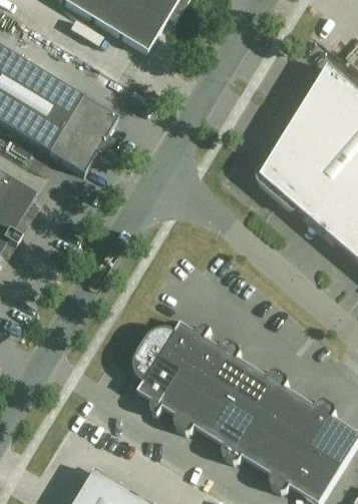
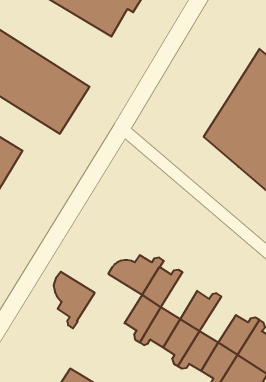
building: [208,343,253,401] -> none
building: [133,345,185,415] -> [54,272,95,328]
building: [256,373,301,430] -> none

